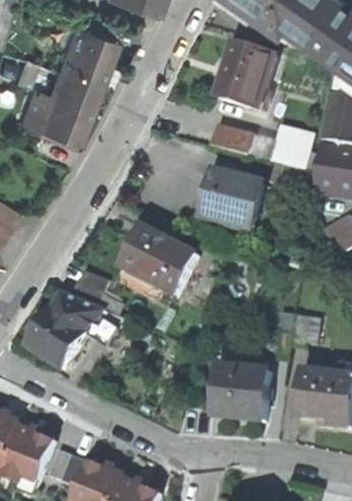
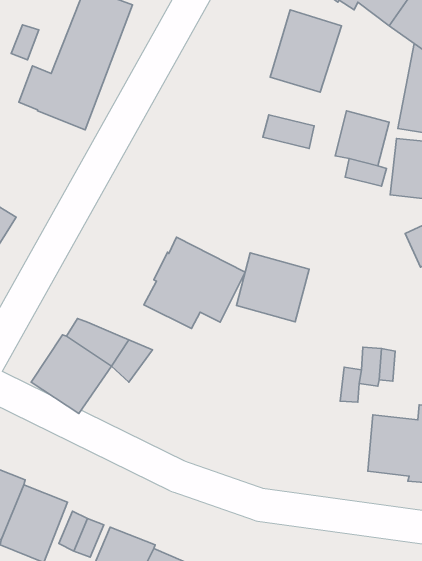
building: [205,170,264,226] -> [237,253,309,322]
building: [72,269,109,306] -> none
building: [215,356,271,421] -> none

